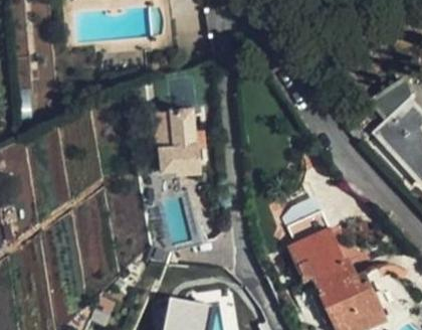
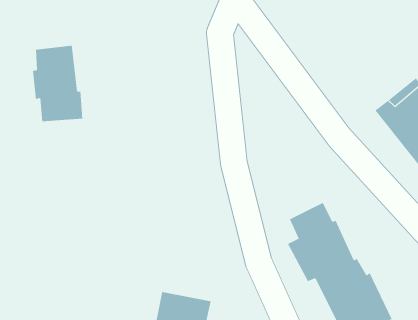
building: [153,110,201,182] -> [32,45,83,122]

